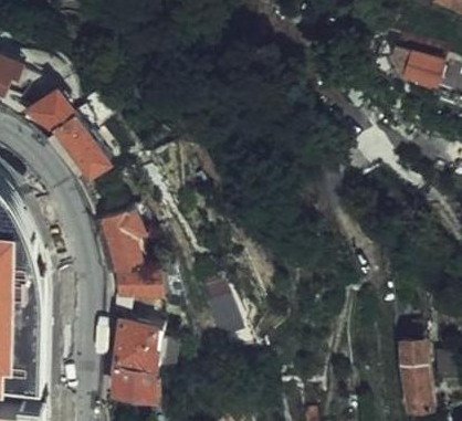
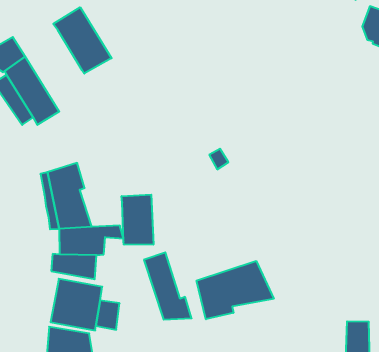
building: none -> [53,7,112,74]
building: none -> [122,195,153,245]
building: none -> [197,261,274,319]

